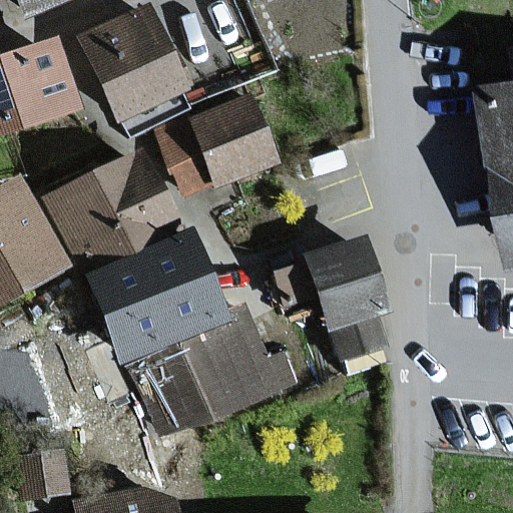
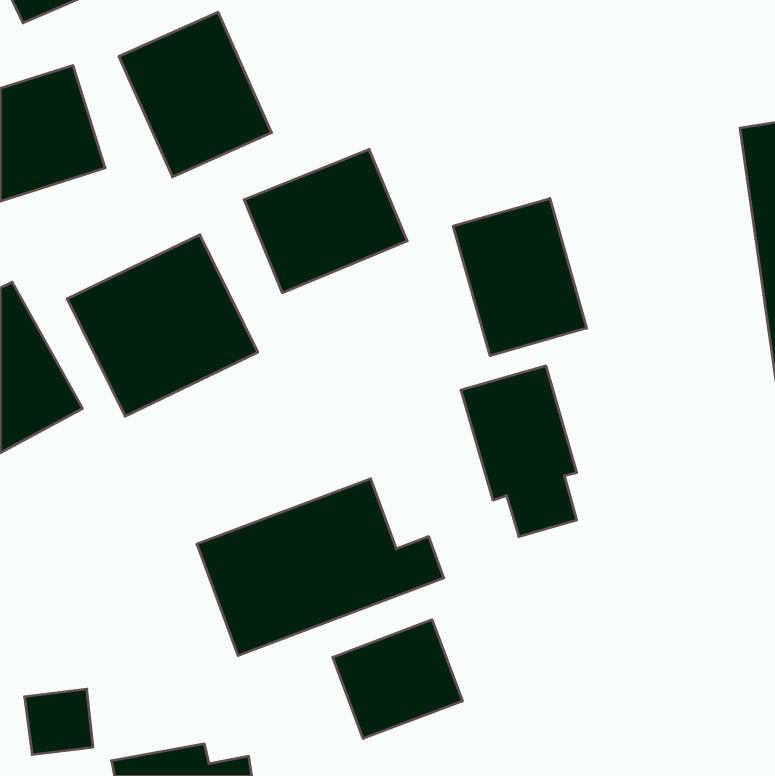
building: none -> [453,198,587,356]
building: [94,243,210,349] -> none
building: none -> [333,620,462,739]

